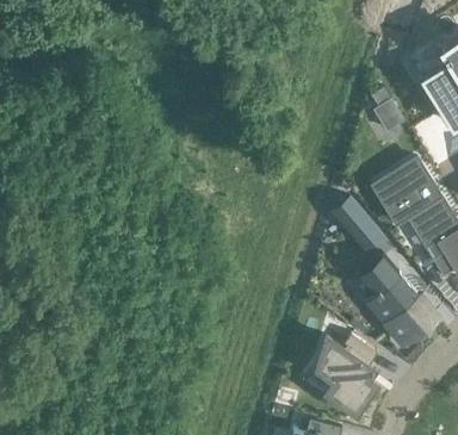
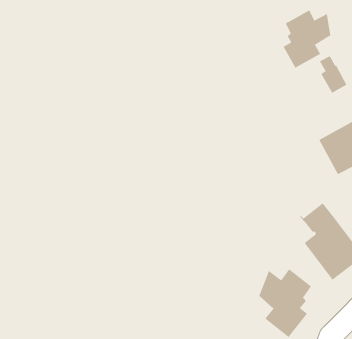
building: none -> [283,10,331,69]
building: [333,198,382,249] -> none

